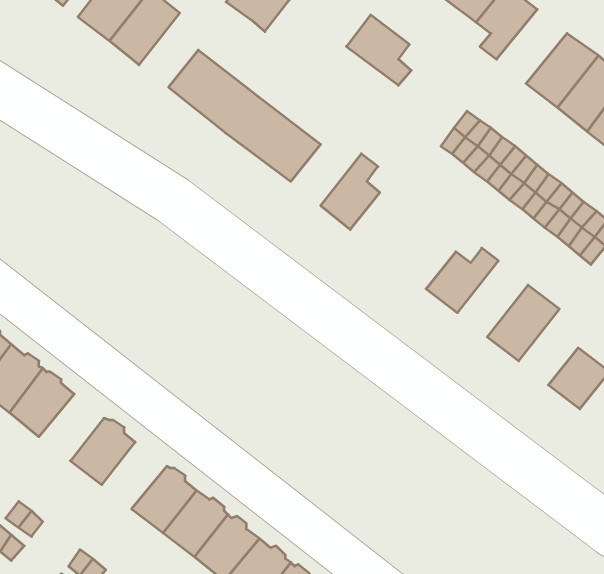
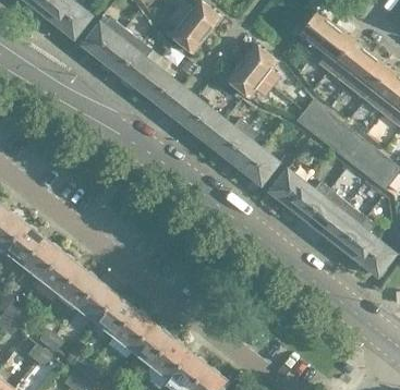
building: none -> [328,41,369,85]
building: none -> [118,44,153,87]
building: none -> [226,63,270,98]
building: none -> [207,120,249,157]
building: none -> [242,149,278,185]
building: none -> [269,170,304,206]
building: none -> [305,190,347,234]
building: none -> [341,218,376,263]
building: none -> [59,268,97,307]
building: none -> [96,296,134,336]

